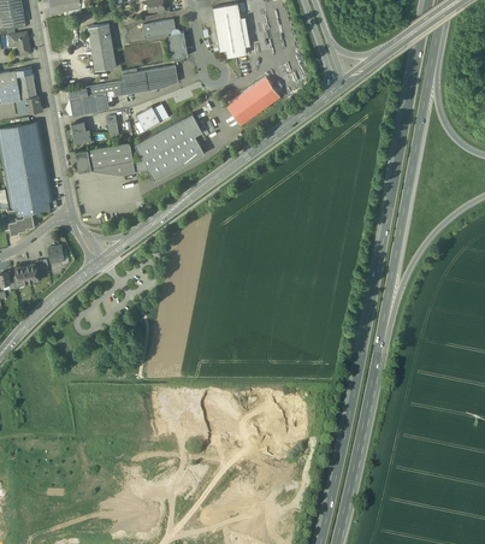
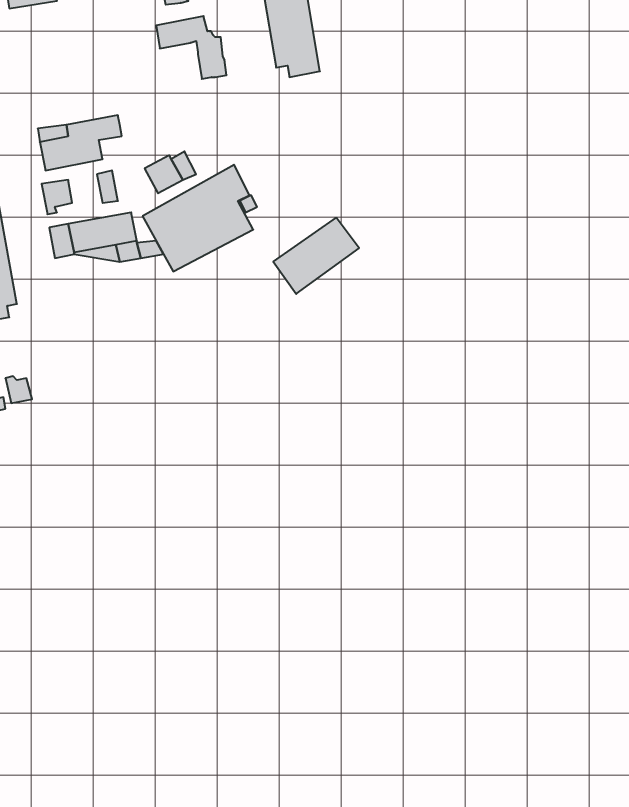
building: [87,24,116,71] -> none
building: [120,66,177,95] -> none
building: [225,77,279,125] -> [273,218,359,294]

